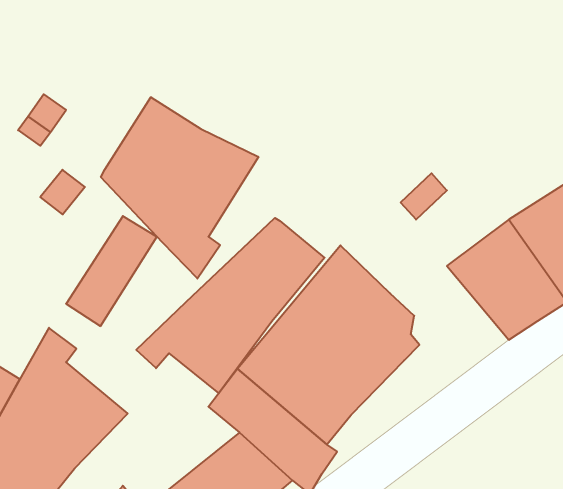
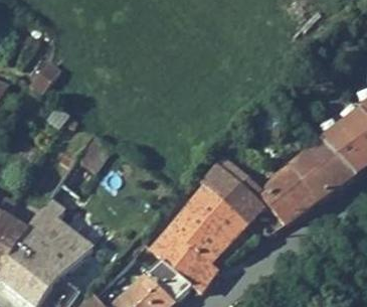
building: [101,97,258,279] -> none
building: [136,218,325,393] -> none
building: none -> [249,155,319,228]

